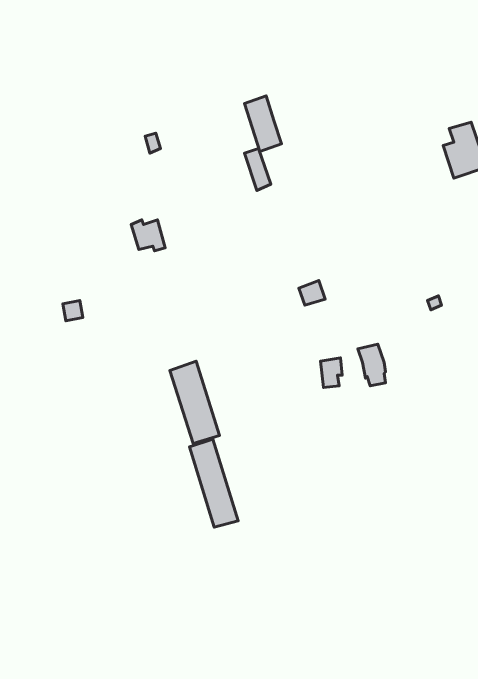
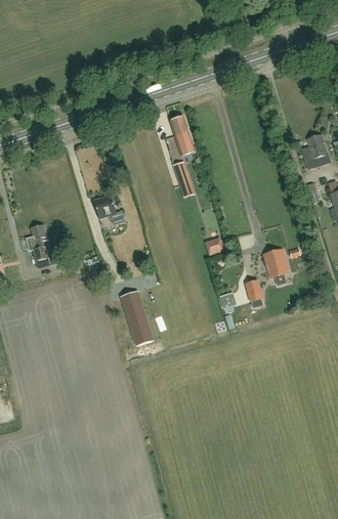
building: none -> [30,224,48,267]
building: none -> [260,248,287,276]
building: [190,439,238,527] -> none

